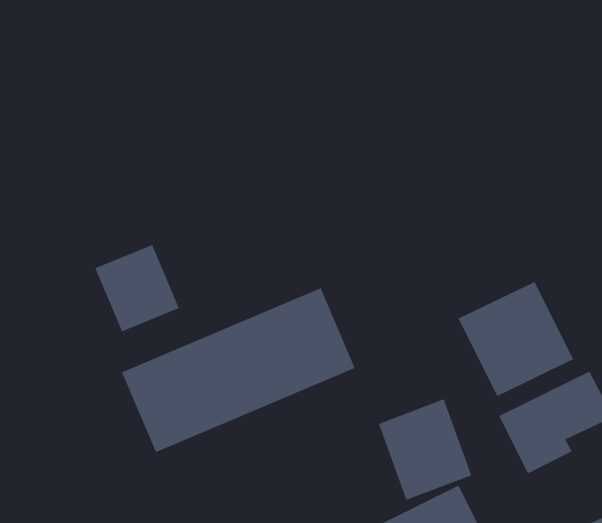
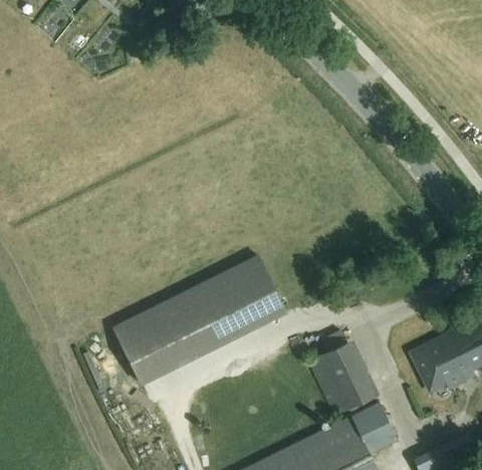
building: [94,244,180,332] -> none
building: [458,281,574,397] -> none

